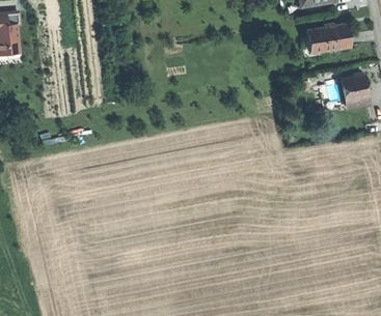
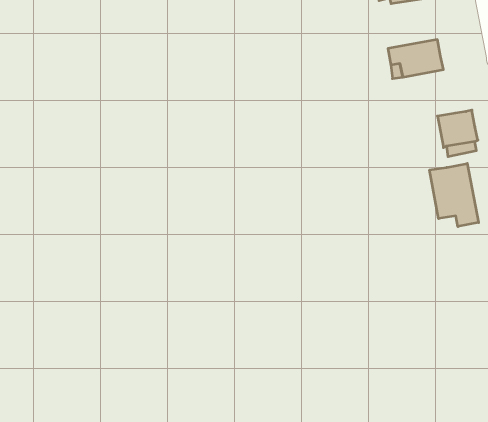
building: none -> [430,163,479,227]

